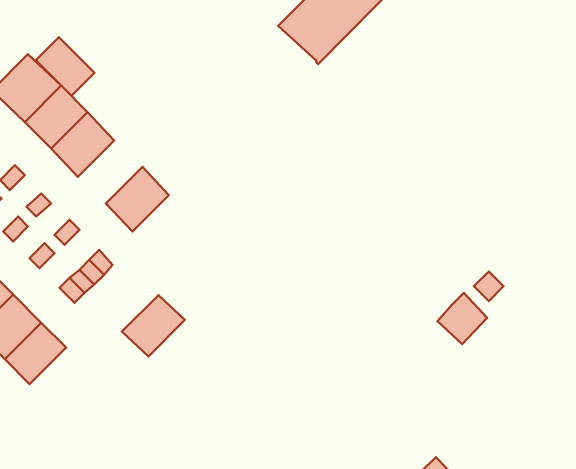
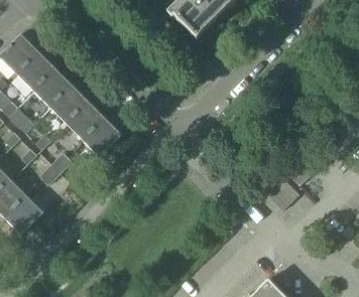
building: [36,37,94,96] -> none
building: none -> [49,86,89,124]
building: [122,295,185,356] -> [83,119,121,156]

